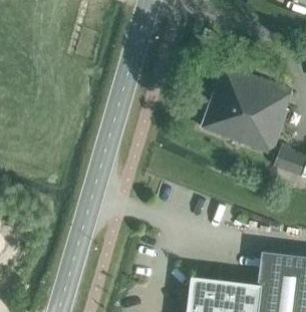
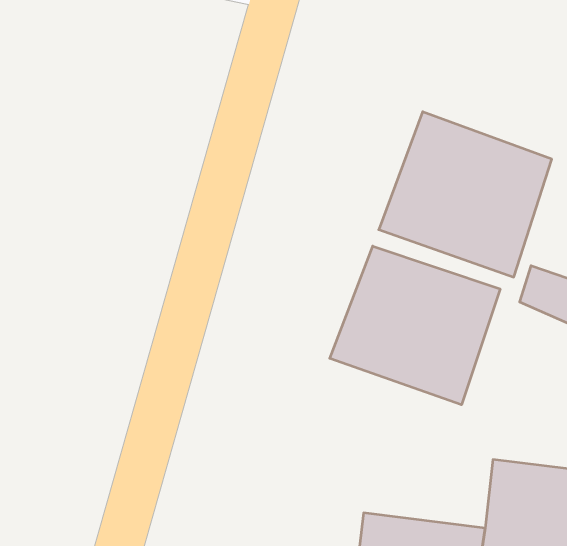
building: none -> [330,246,500,405]

